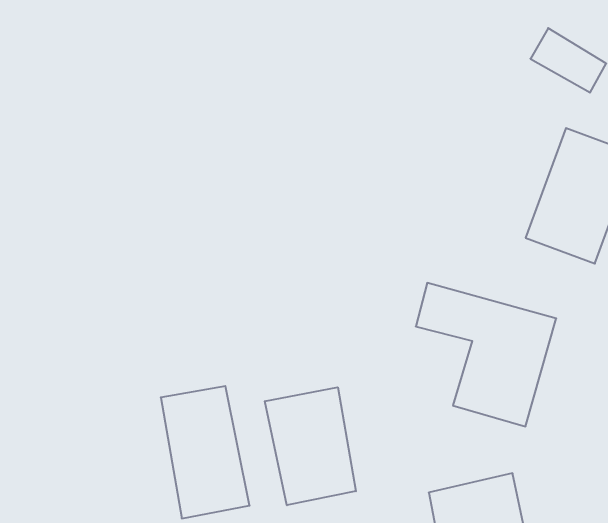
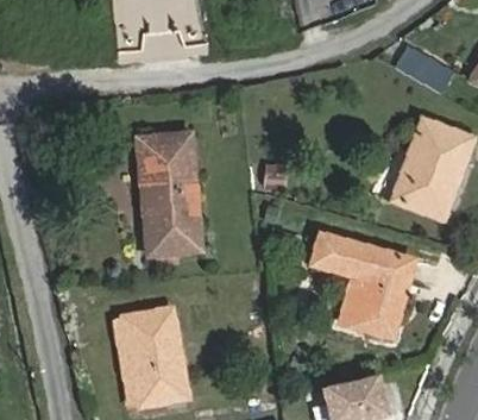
building: none -> [144,132,201,255]
building: [265,387,356,505] -> none

